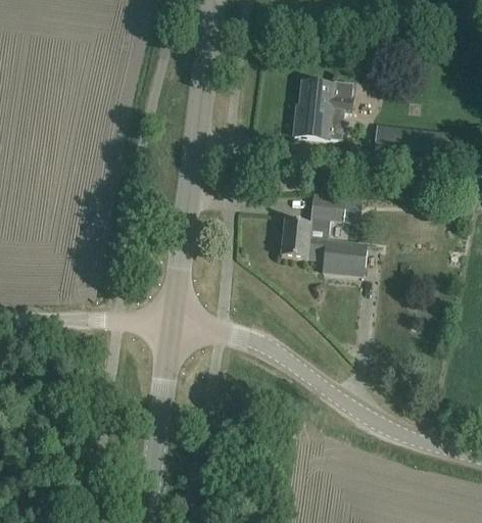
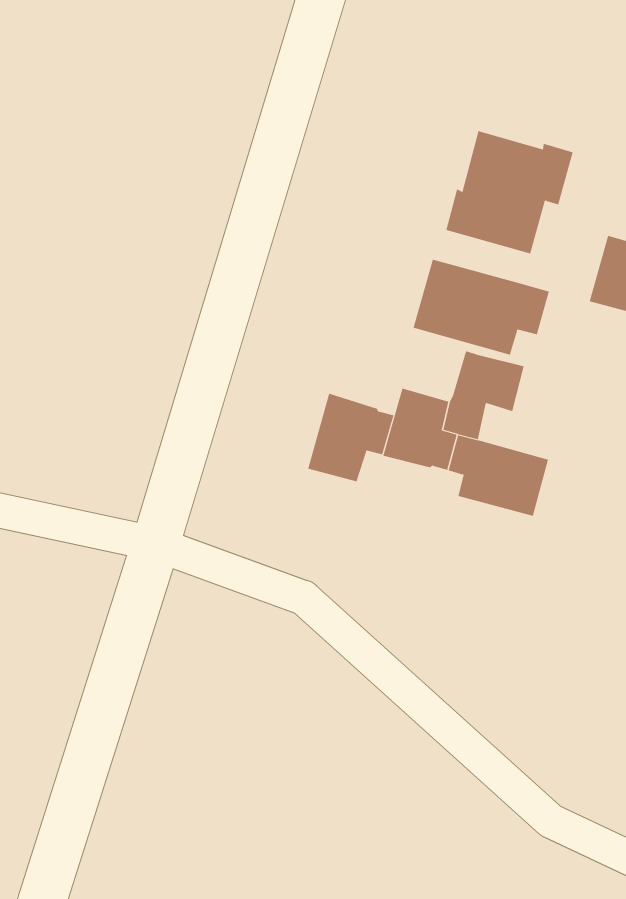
building: none -> [413,259,549,356]
building: none -> [307,393,394,482]

